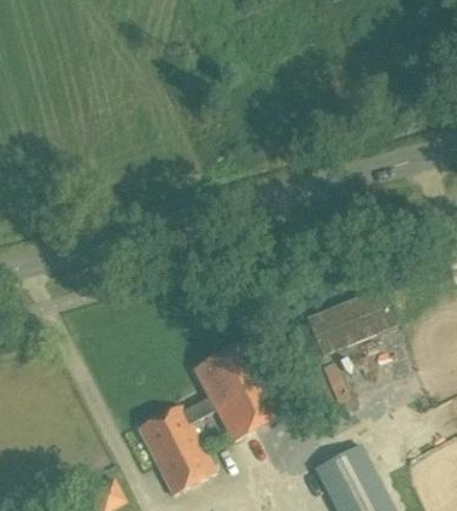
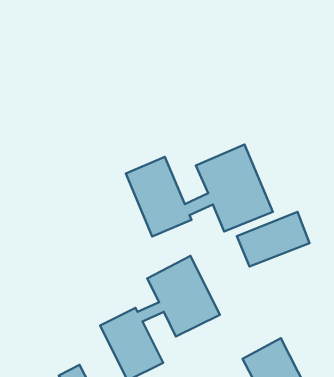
building: none -> [126,144,273,236]

